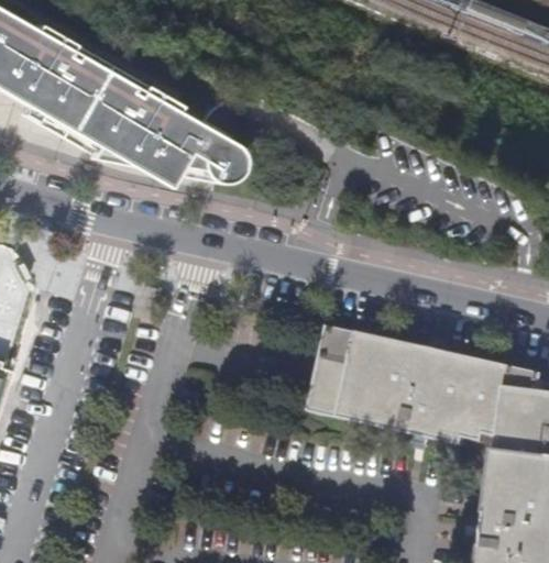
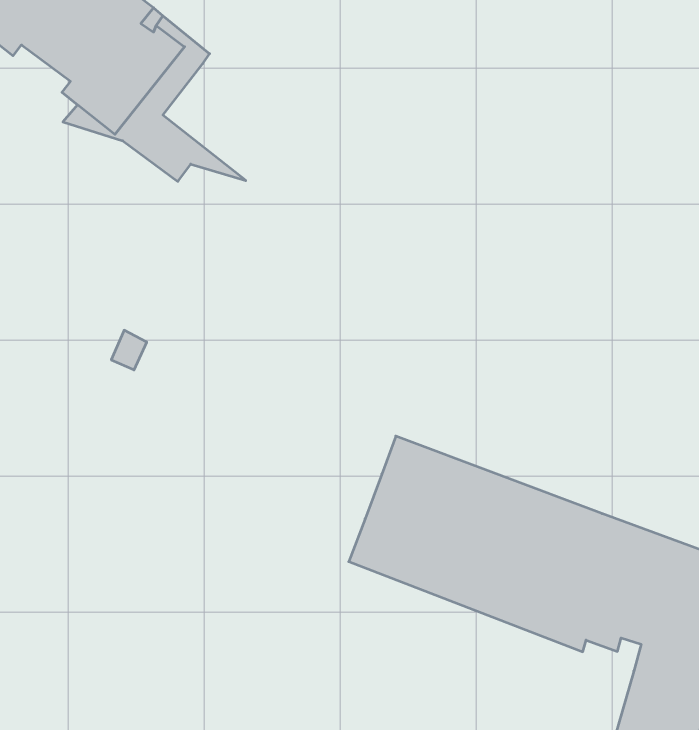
building: [149,107,238,183] -> none

